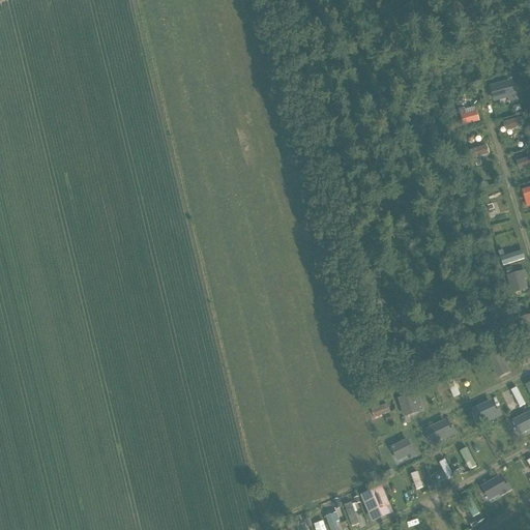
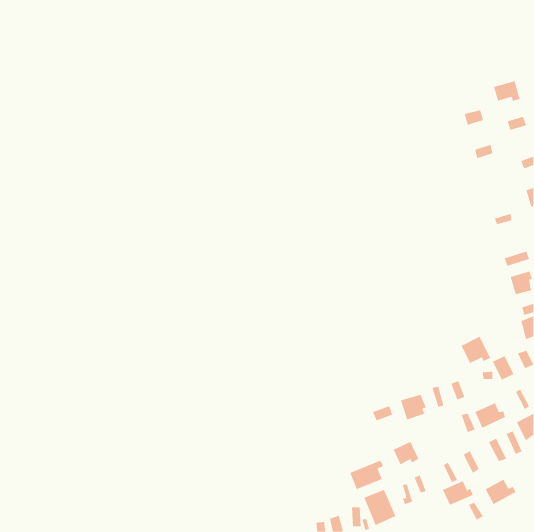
building: none -> [461,336,491,364]
building: [424,418,455,443] -> [442,480,474,506]
building: none -> [349,460,384,490]

